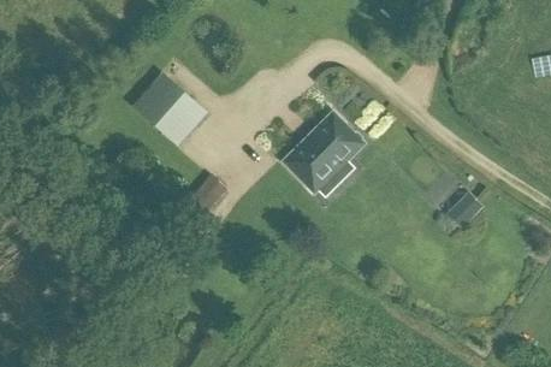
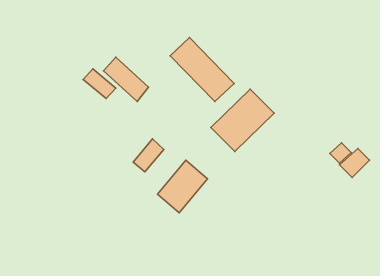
building: none -> [170,38,234,102]
building: none -> [157,160,208,213]

